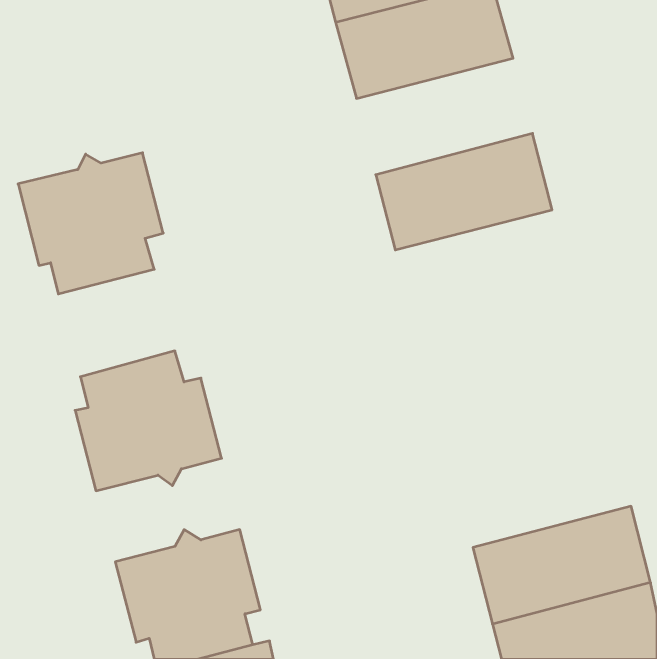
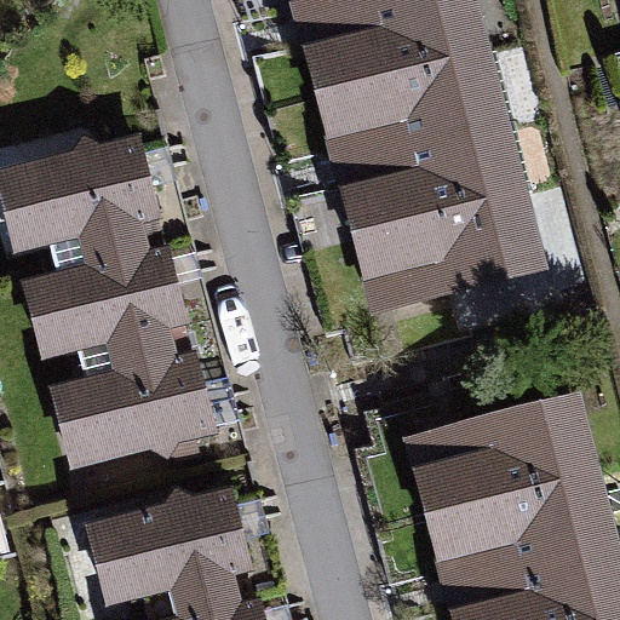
building: none -> [333,54,498,163]
building: none -> [369,196,535,305]
building: none -> [44,247,180,355]
building: none -> [424,403,590,512]

